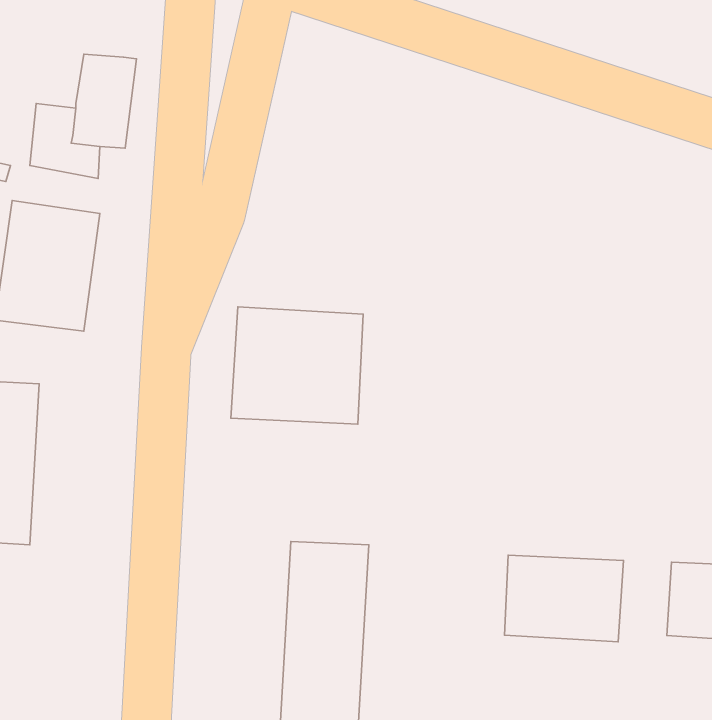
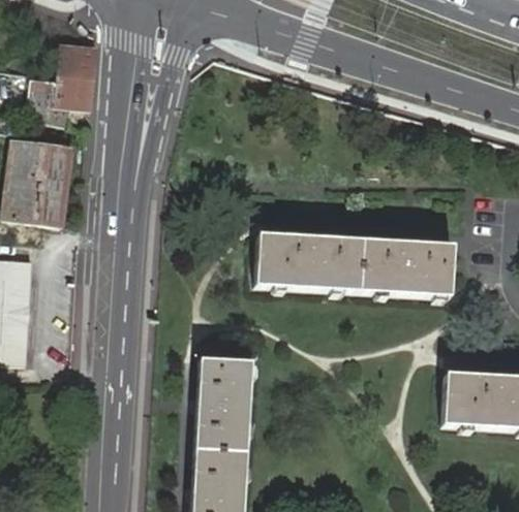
building: [231,307,363,424] -> none
building: none -> [255,233,453,295]
building: [505,555,624,642] -> none

